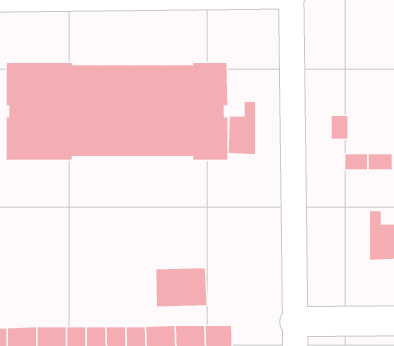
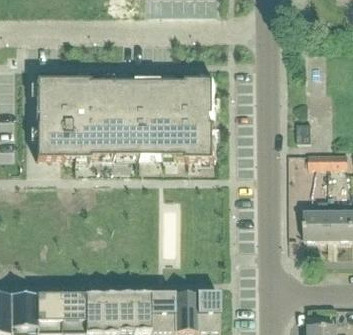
building: [228,101,256,155] -> none
building: none -> [305,199,329,239]
building: [156,268,207,307] -> none

